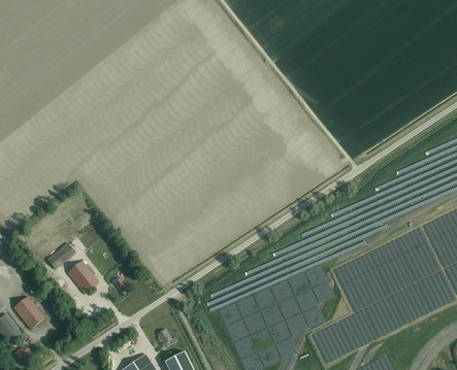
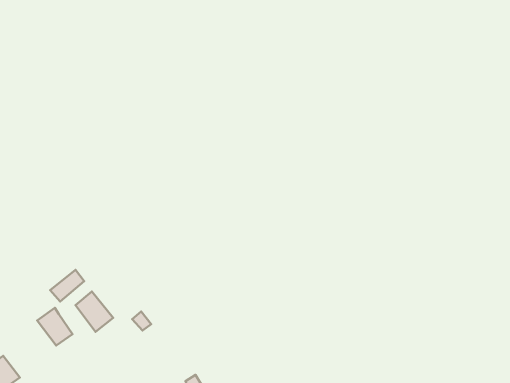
building: [14,297,43,328] -> [37,308,73,346]

